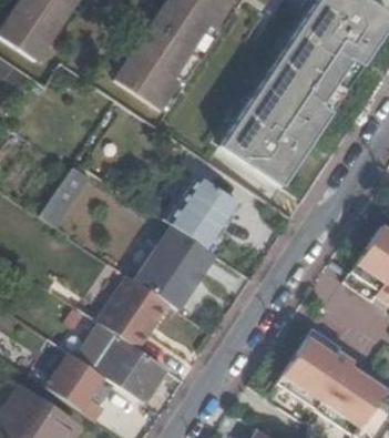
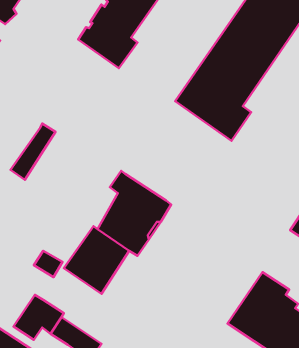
building: [166,174,239,249] -> none
building: [78,323,166,401] -> none

